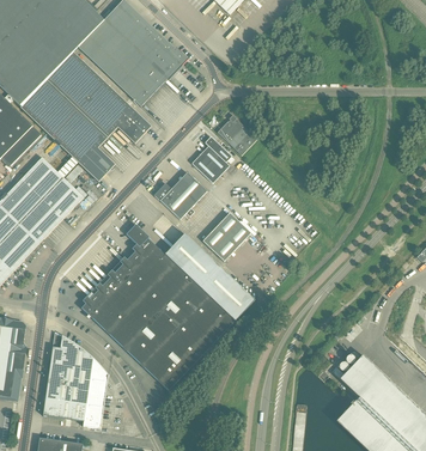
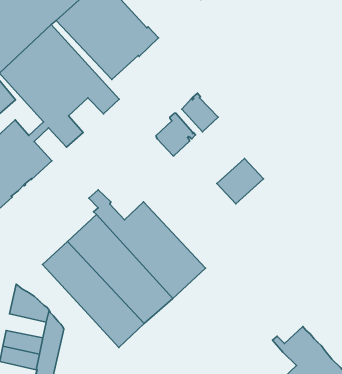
building: [153,171,206,219] -> none
building: [201,212,250,261] -> [217,158,263,204]
building: [47,362,89,385] -> none

